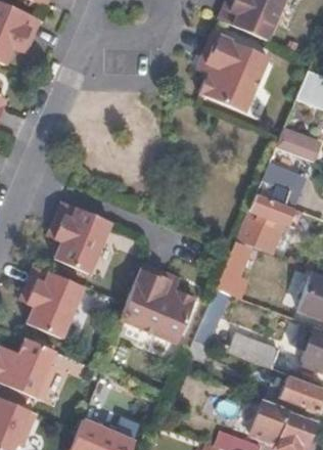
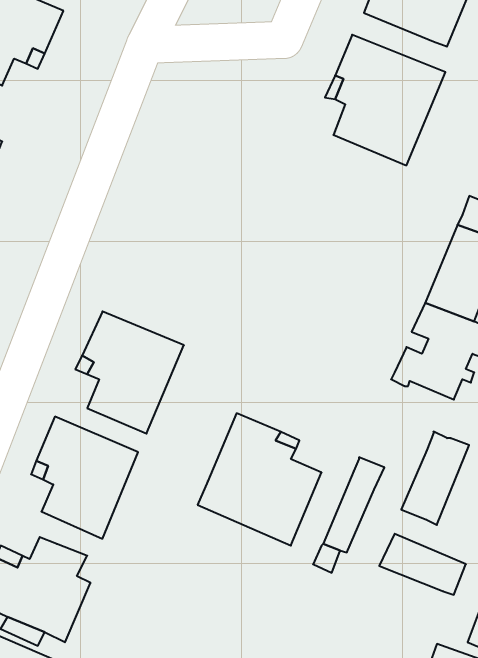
building: [217,240,258,297] -> [401,432,469,525]

